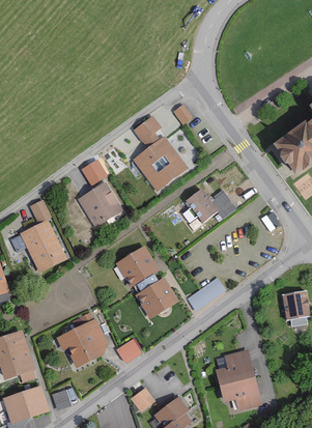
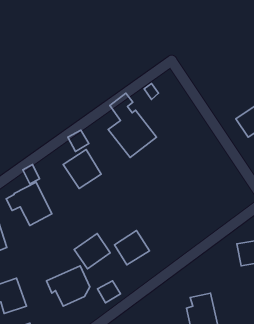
building: [185,190,236,223] -> none
building: [113,246,155,287] -> [74,234,110,269]
building: [187,276,227,311] -> none

